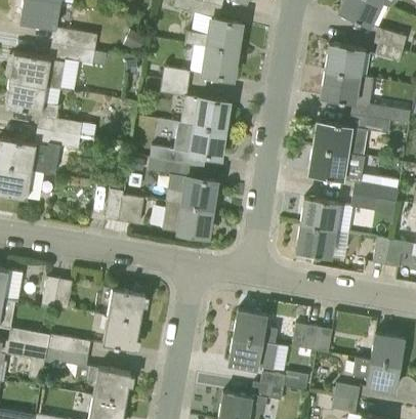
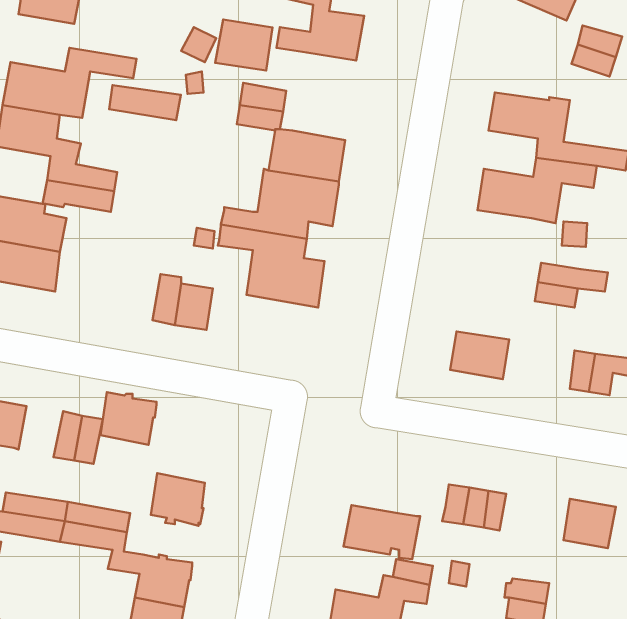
building: [52,29,98,51] -> [109,85,181,120]
building: [326,45,365,78] -> none
building: [200,47,237,80] -> [215,20,273,71]
building: [310,149,365,181] -> none
building: [301,199,339,232] -> none
building: [168,204,212,237] -> none
building: [109,290,144,324] -> [101,392,156,445]
building: [234,310,278,345] -> none
building: [353,360,399,392] -> none

